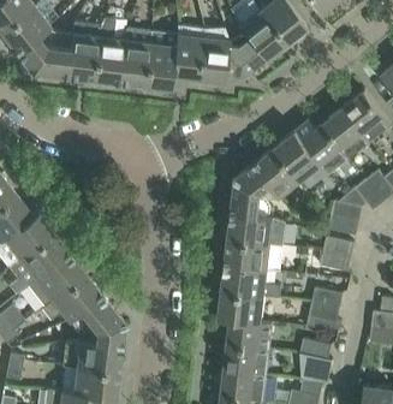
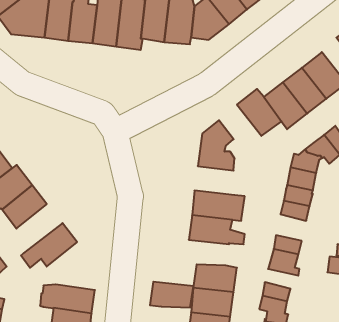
building: [254,147,299,196] -> none
building: [227,213,285,245] -> none
building: [28,254,85,307] -> none
building: [218,292,264,320] -> [150,282,193,307]
building: [69,295,123,346] -> none

